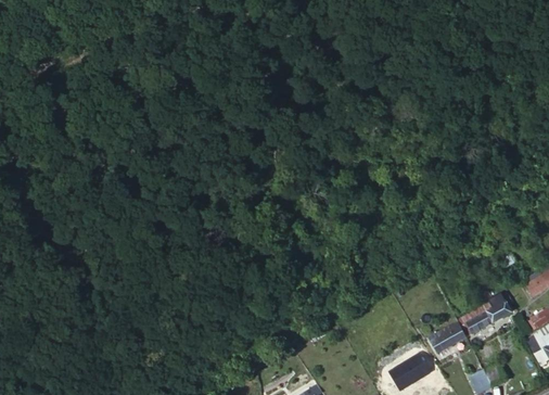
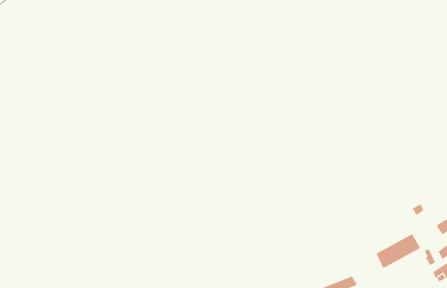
building: [431,321,468,354] -> none

